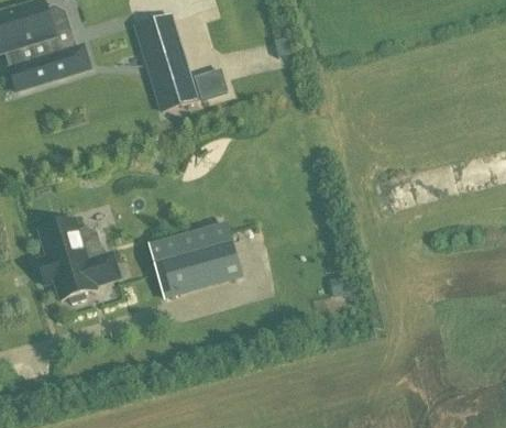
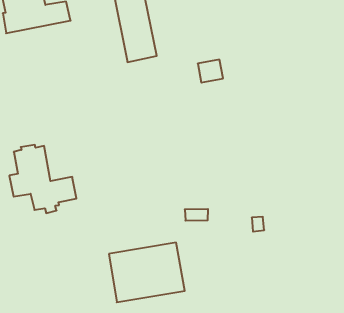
building: [195,68,227,98] -> [198,60,223,83]
building: [150,221,244,299] -> [109,243,185,302]

